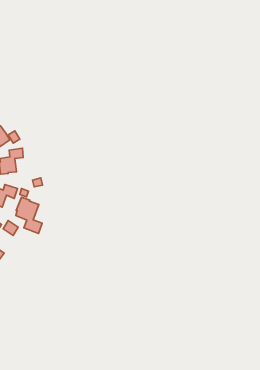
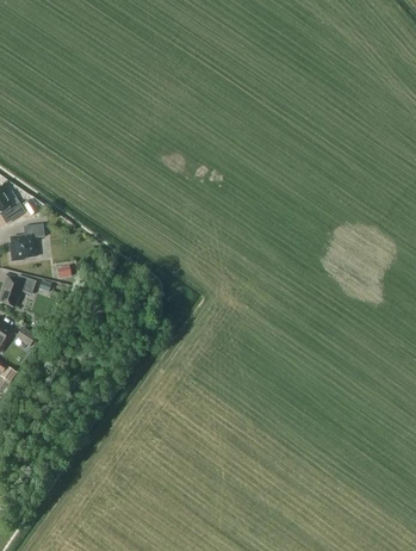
building: [16,197,42,234] -> none

